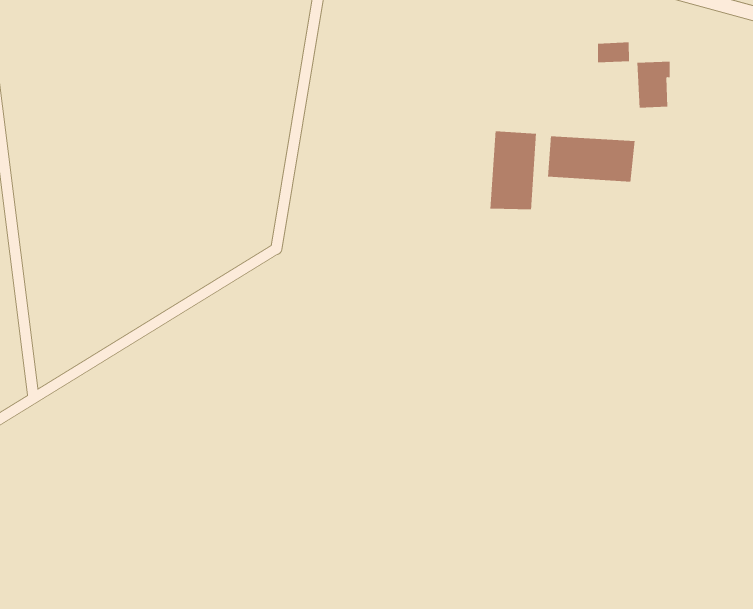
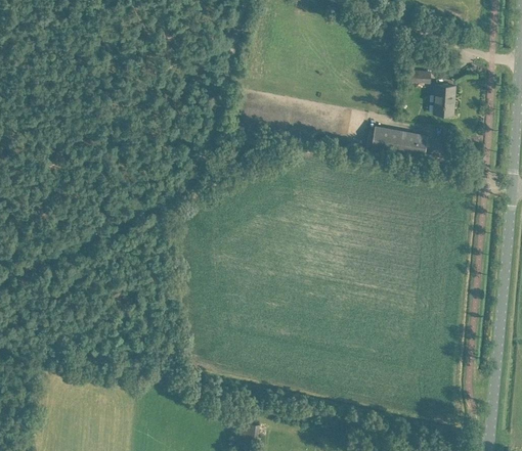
building: [490,131,537,210] -> none

